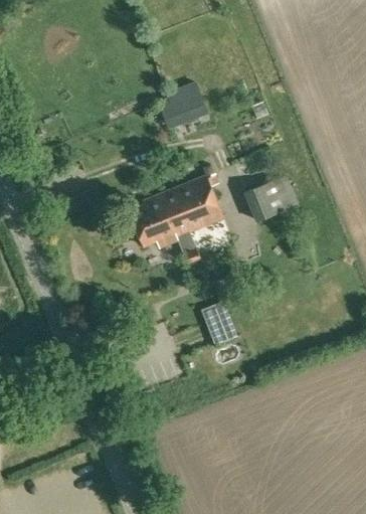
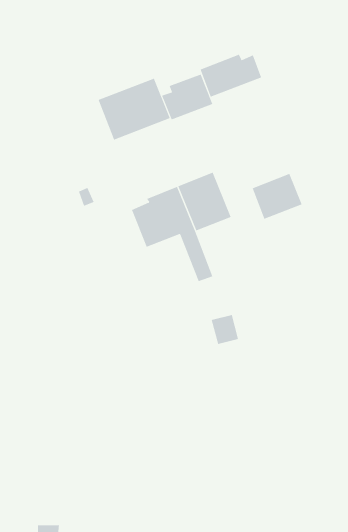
building: none -> [200,54,262,97]
building: none -> [98,78,170,140]

